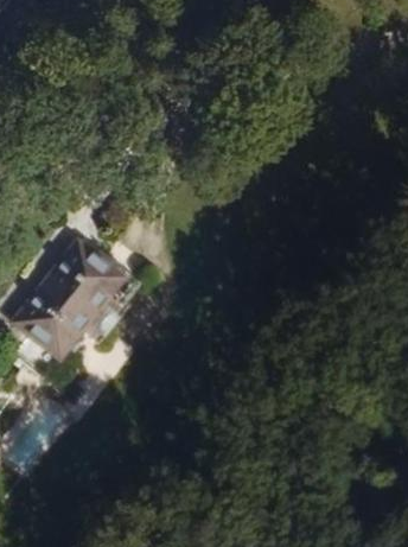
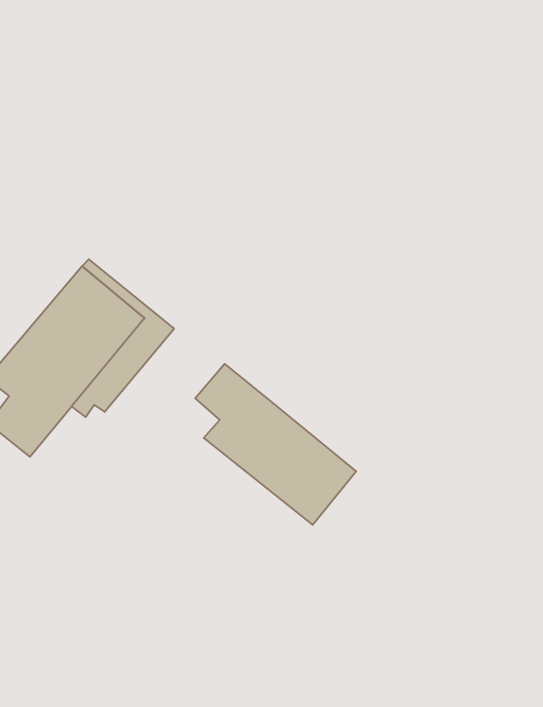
building: none -> [195,364,356,525]

